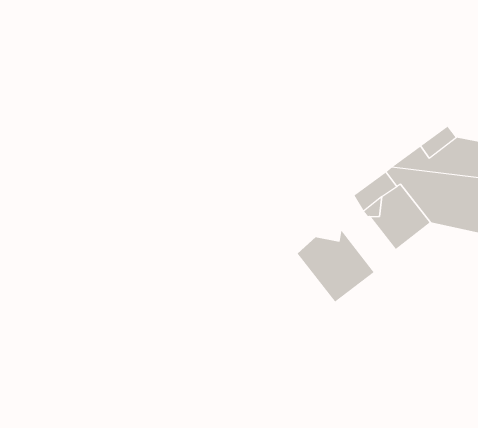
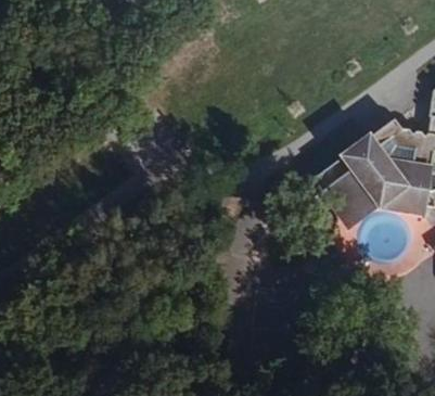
building: [297,230,375,303] -> none

